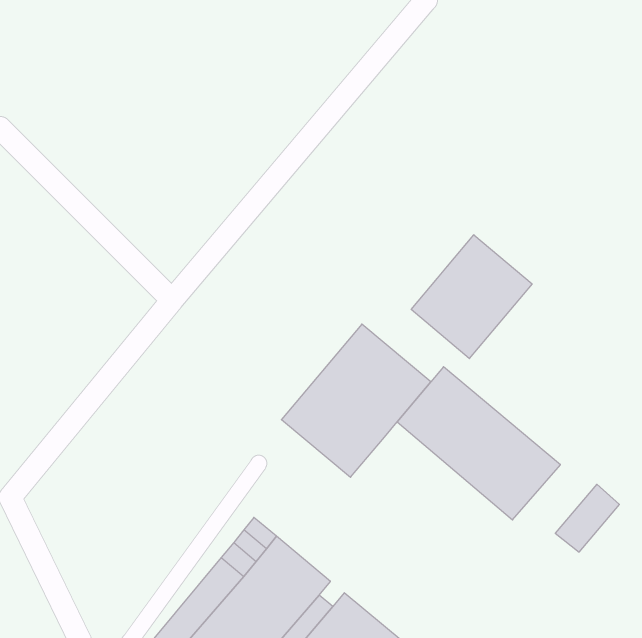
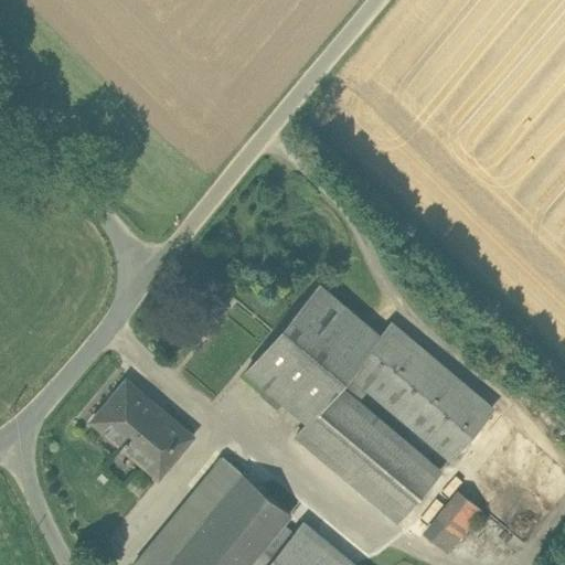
building: [411,235,532,359] -> none
building: none -> [92,382,191,478]
building: none -> [296,387,439,522]
building: [555,484,619,552] -> [425,494,481,554]

